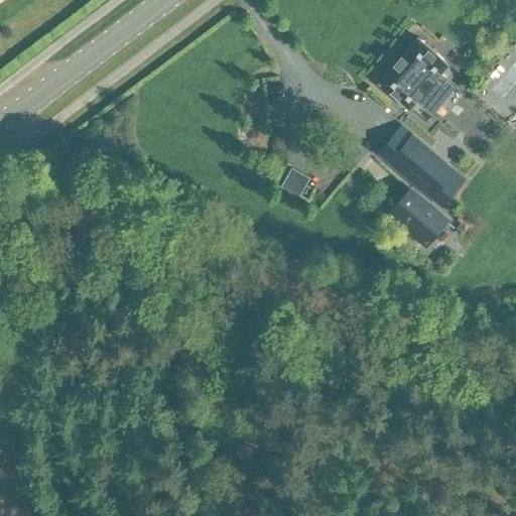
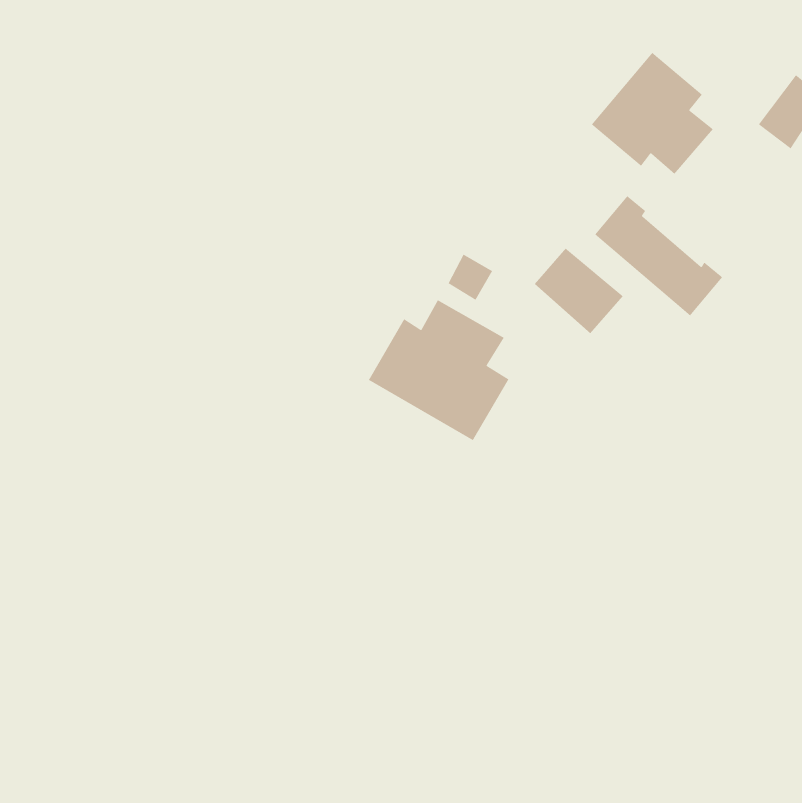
building: [391,187,448,243] -> [534,247,624,334]
building: none -> [368,299,509,441]

